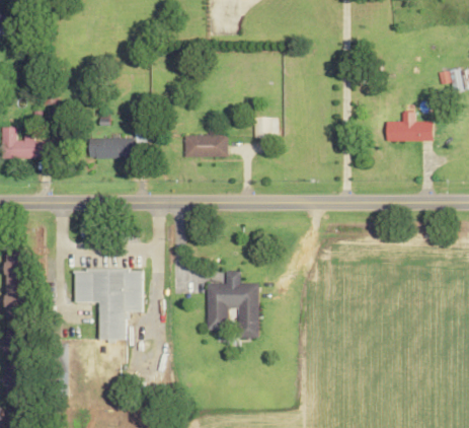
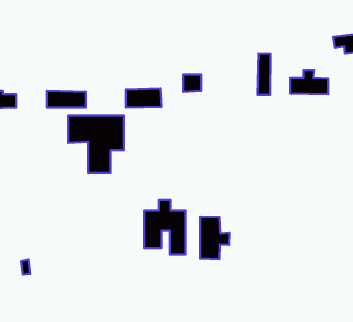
building: none -> [258,53,270,95]
building: [74,270,142,340] -> [68,115,124,173]
building: none -> [200,217,229,259]

